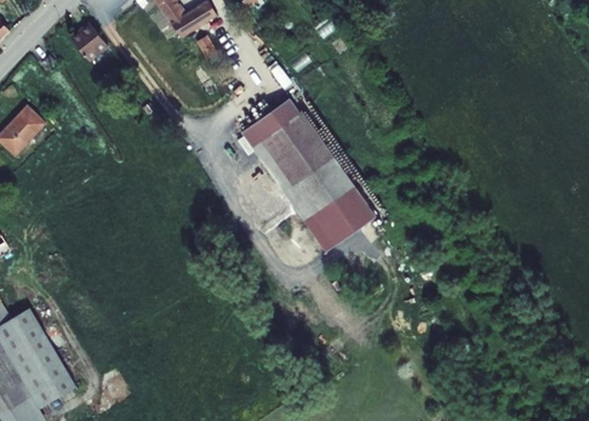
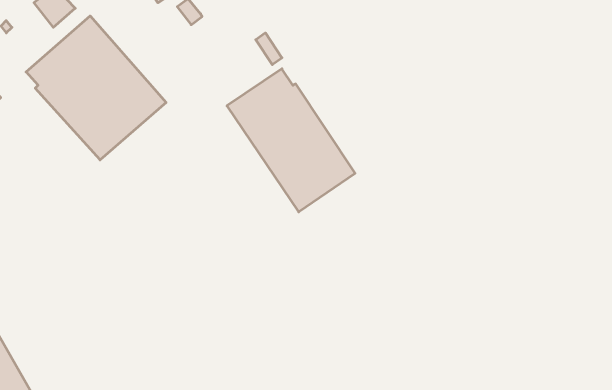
building: none -> [26,16,166,160]
building: [304,188,373,250] -> none

